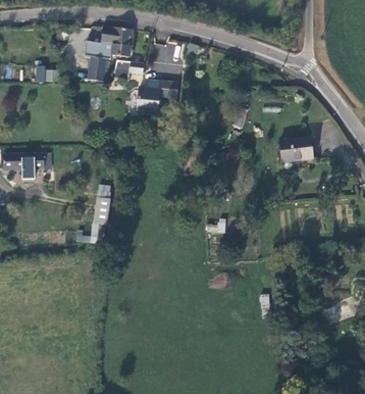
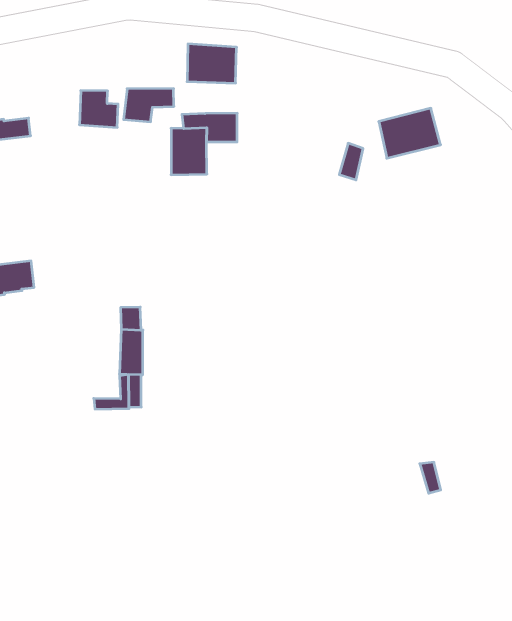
building: [85,27,134,59] -> none
building: [279,138,313,163] -> [379,108,441,158]

